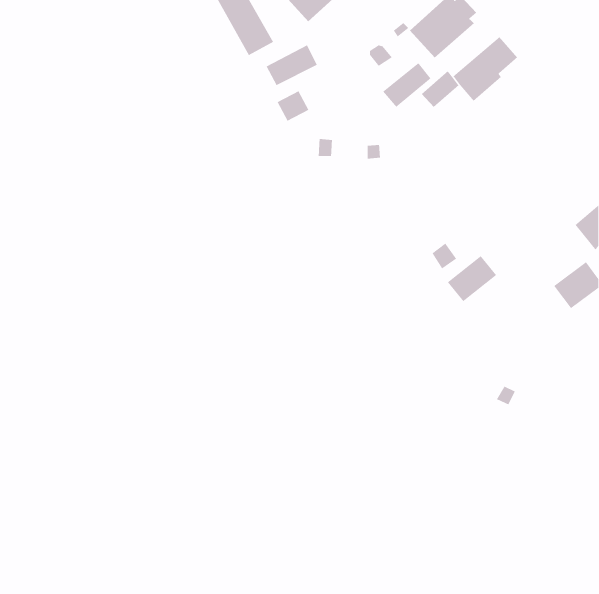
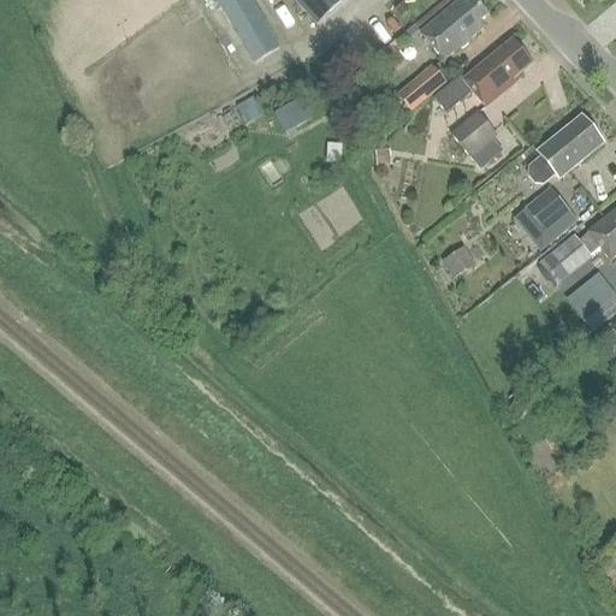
building: [265,44,318,86] -> none
building: none -> [449,111,500,168]
building: none -> [532,114,604,176]
building: none -> [523,185,578,241]
building: [447,255,497,302] -> [538,233,590,282]

